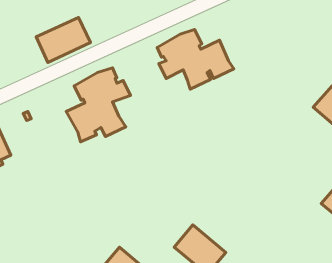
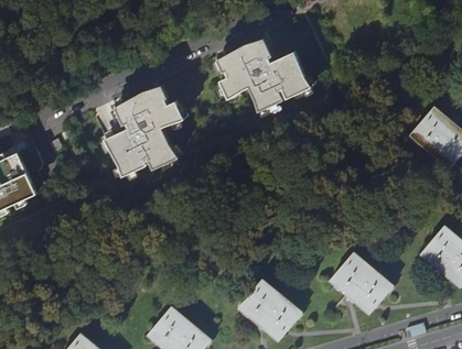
building: [36,18,91,63] -> none
building: none -> [330,252,393,313]

